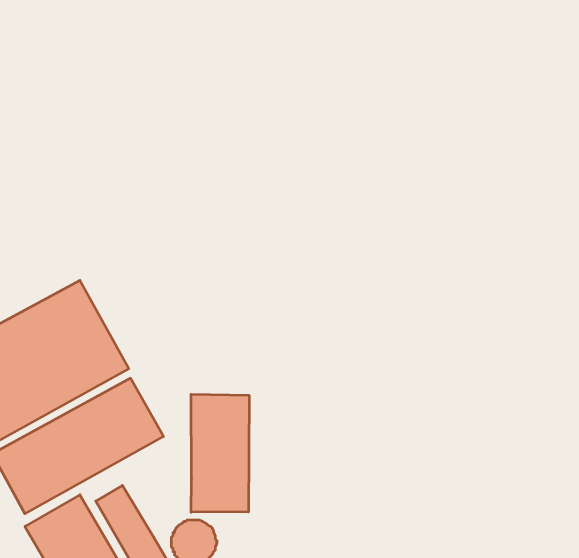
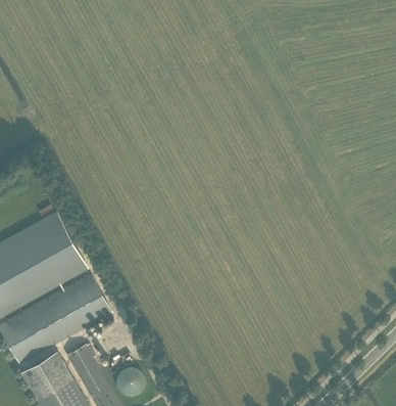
building: [191,394,249,512] -> none

